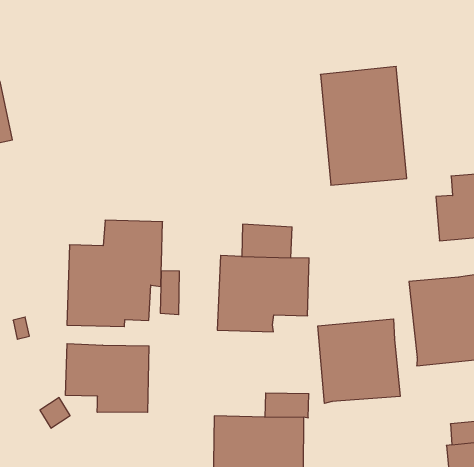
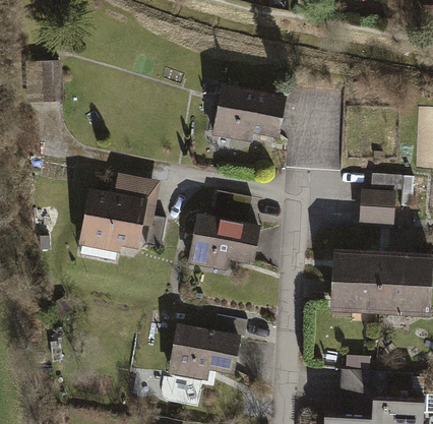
building: none -> [211,82,285,142]
building: [318,319,400,403] -> none
building: [66,344,149,412] -> none

